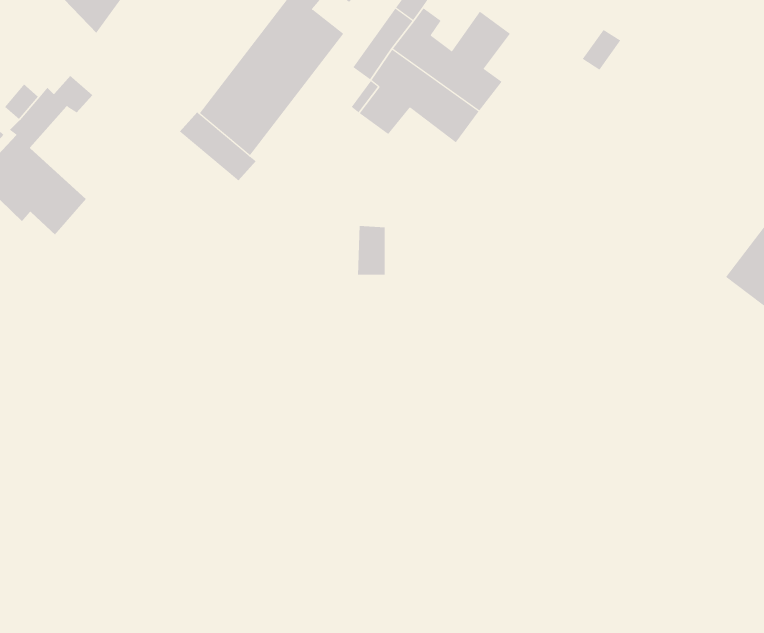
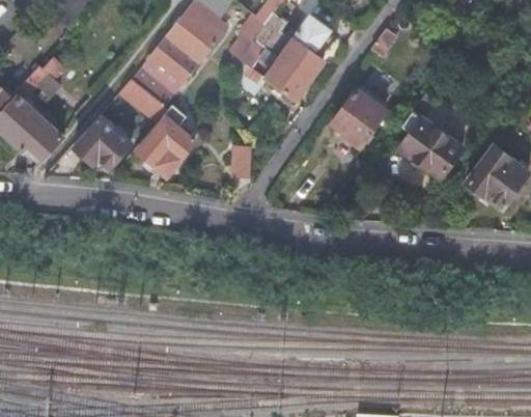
building: none -> [335,88,386,144]
building: none -> [400,111,464,177]
building: none -> [77,118,133,168]
building: none -> [139,118,195,176]

